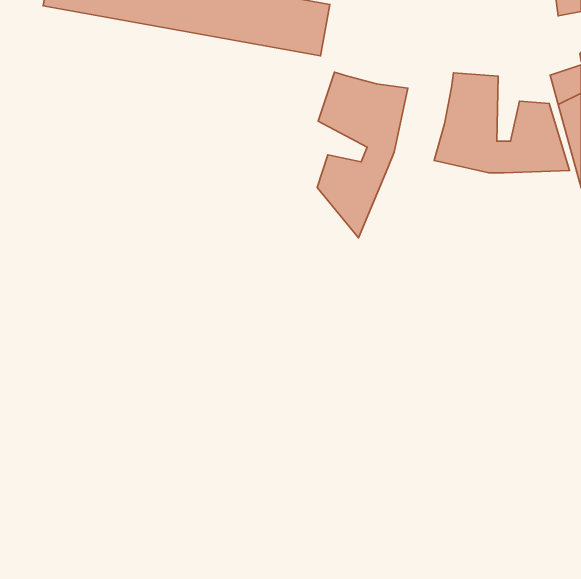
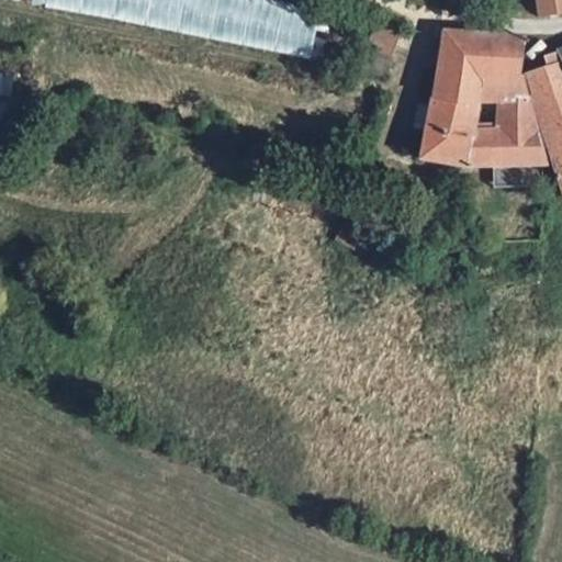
building: none -> [438,32,524,77]
building: [317,72,408,238] -> none

